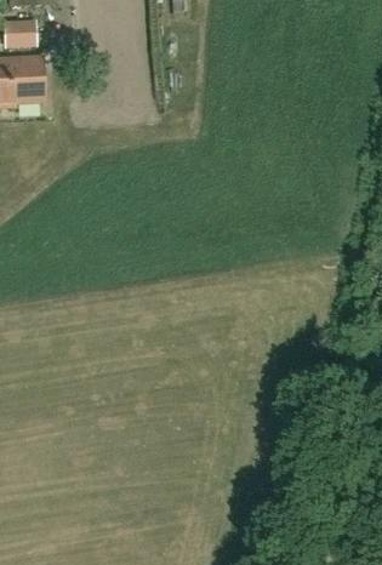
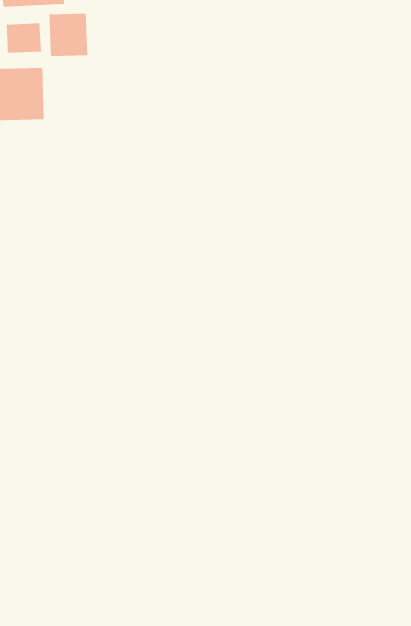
building: none -> [49,13,88,57]

